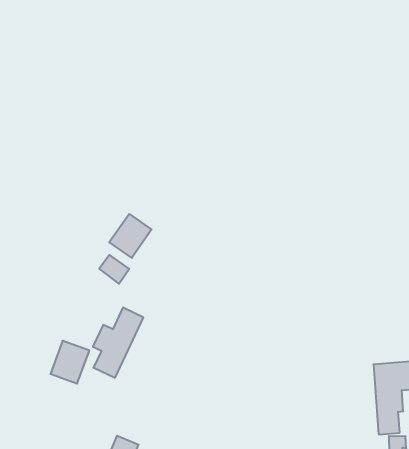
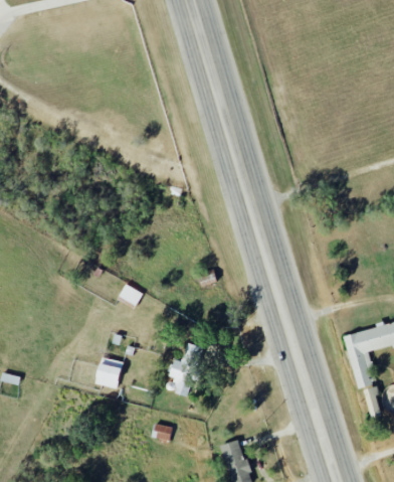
building: [109,214,152,258] -> none
building: [93,307,143,378] -> [169,342,204,397]

